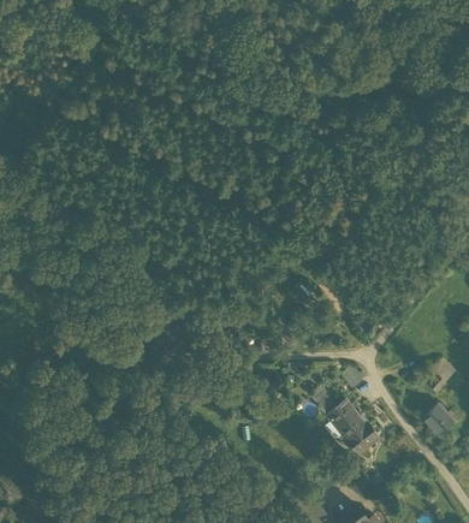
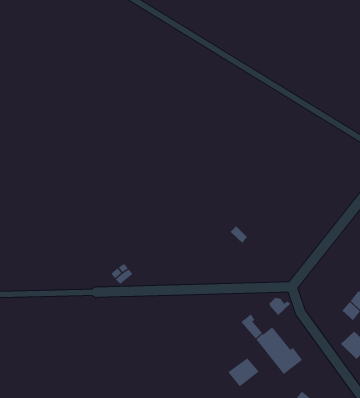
building: none -> [228,357,259,387]

